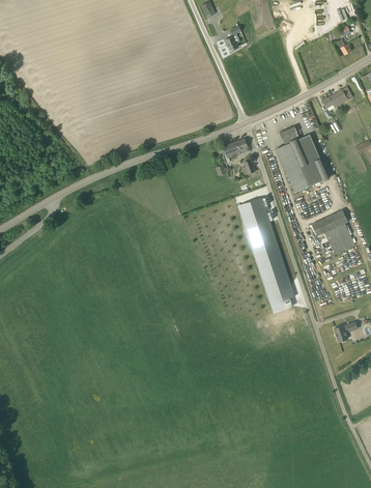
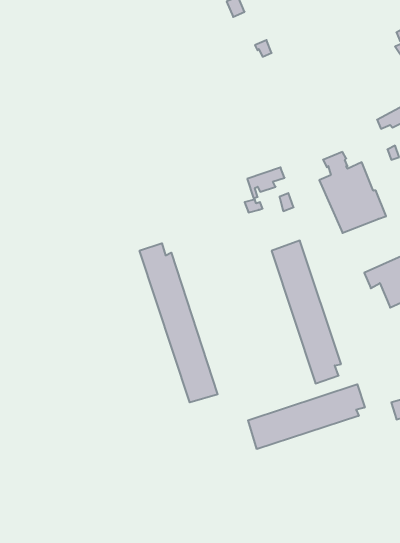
building: none -> [140,243,218,402]
building: none -> [248,384,365,449]

